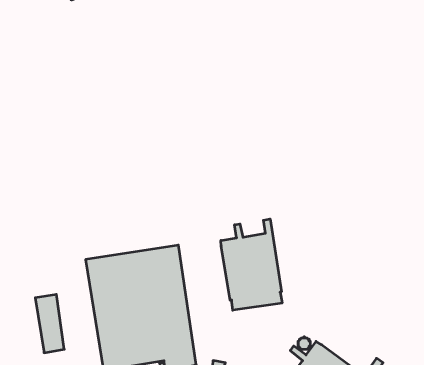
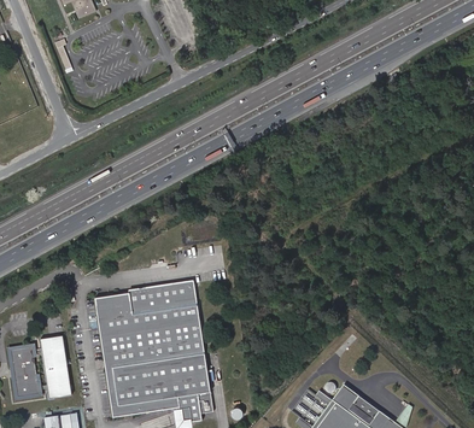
building: [221,219,282,310] -> none
building: none -> [6,342,41,399]

